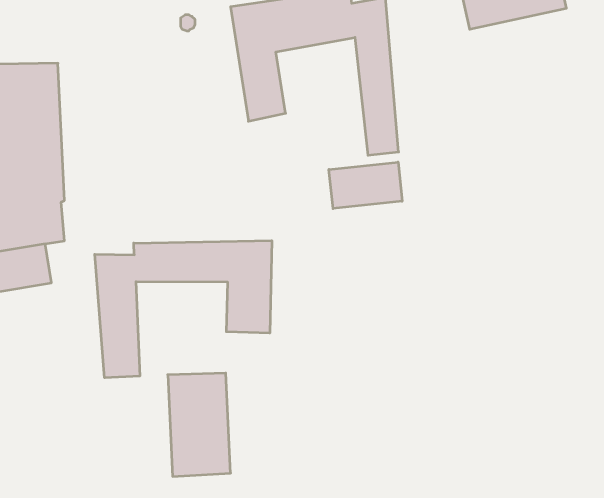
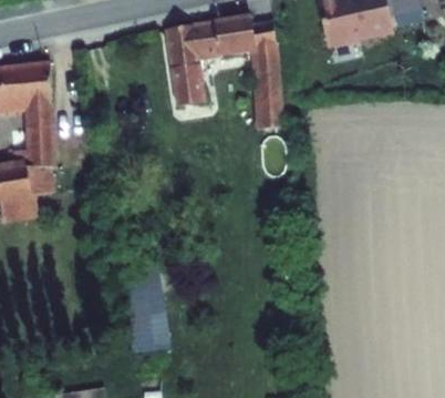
building: [329,162,402,209] -> none
building: [95,241,272,378] -> none

